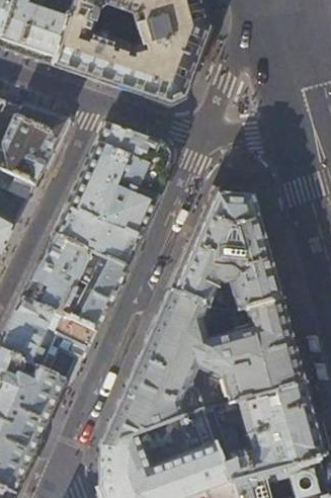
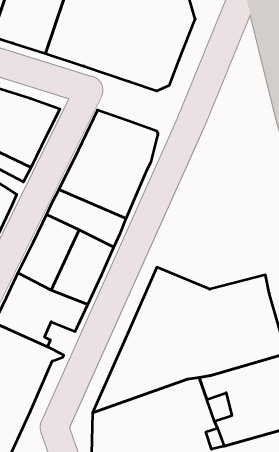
building: [168,189,282,314] -> none

